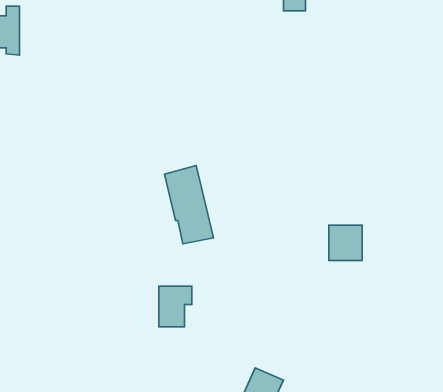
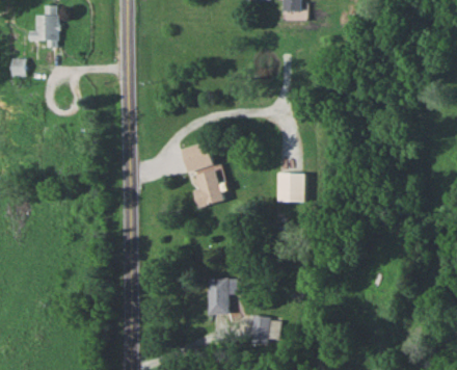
building: [329,225,362,261] -> [278,174,306,204]
building: [159,286,192,327] -> [208,279,236,313]

